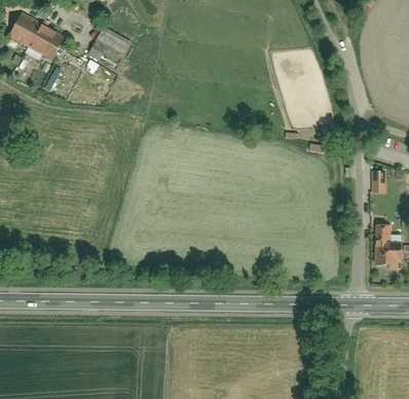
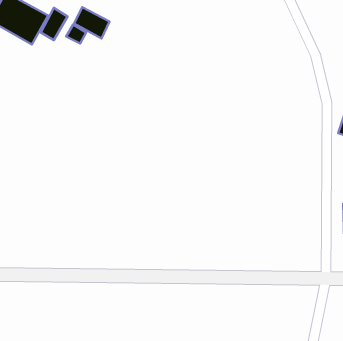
building: none -> [41,8,67,40]

